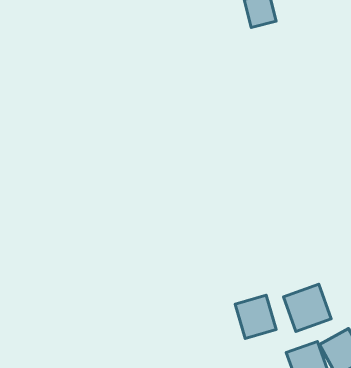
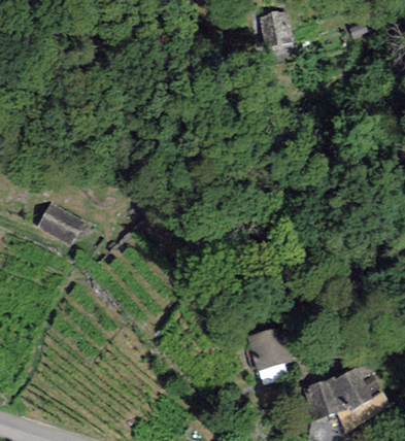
building: none -> [39,200,90,246]
building: [283,284,331,331] -> none

